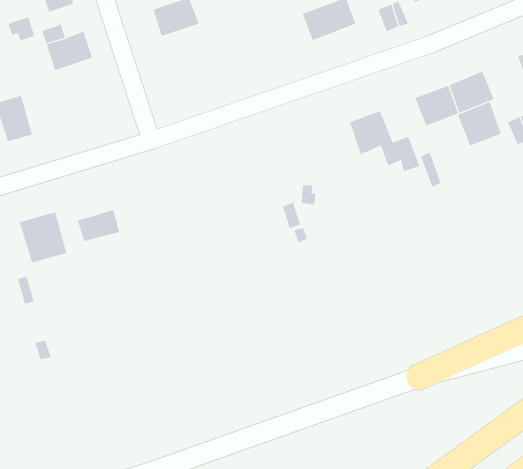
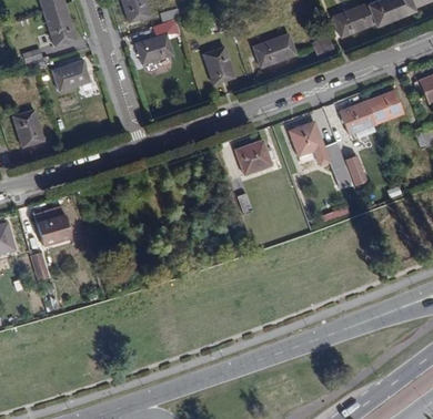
building: none -> [202,47,233,84]
building: [457,101,502,147] -> none
building: none -> [234,140,271,175]
building: [77,209,120,242] -> none

